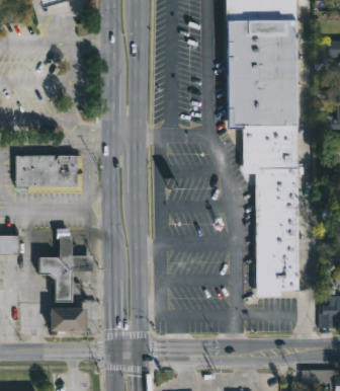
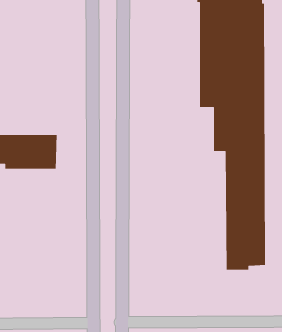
building: [37,236,91,302] -> none
building: [47,309,85,334] -> none

